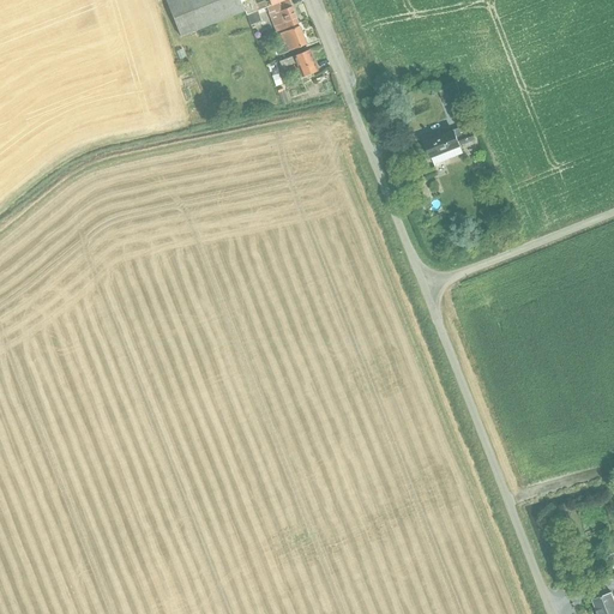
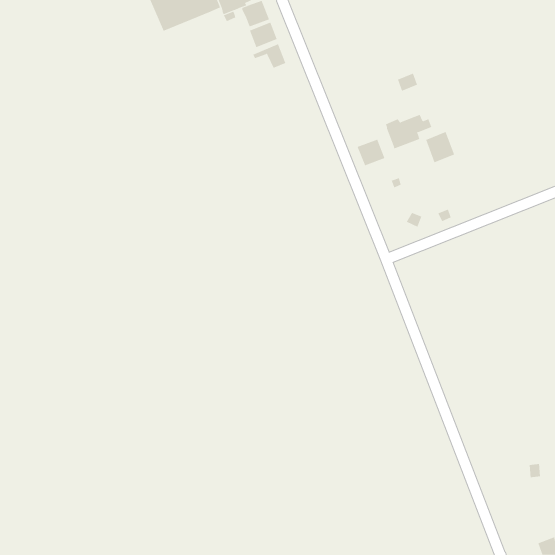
building: none -> [425,131,455,163]
building: none -> [357,139,385,166]

